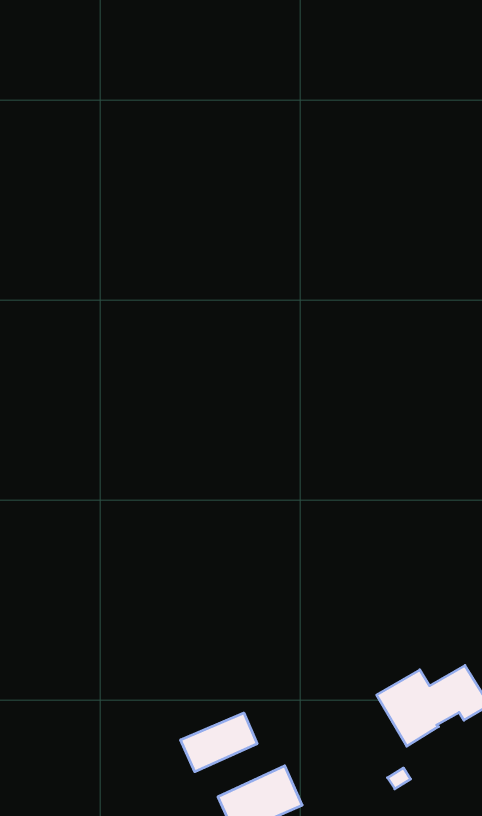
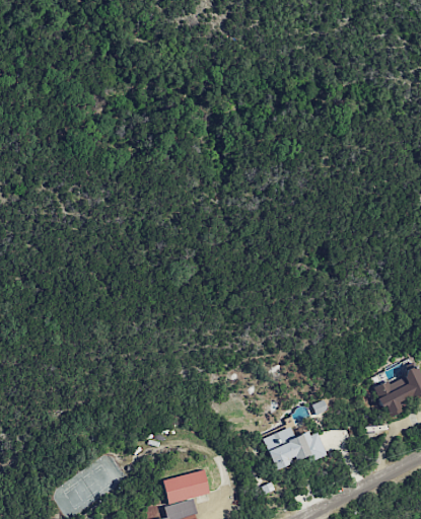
building: [181,713,257,772] -> none

